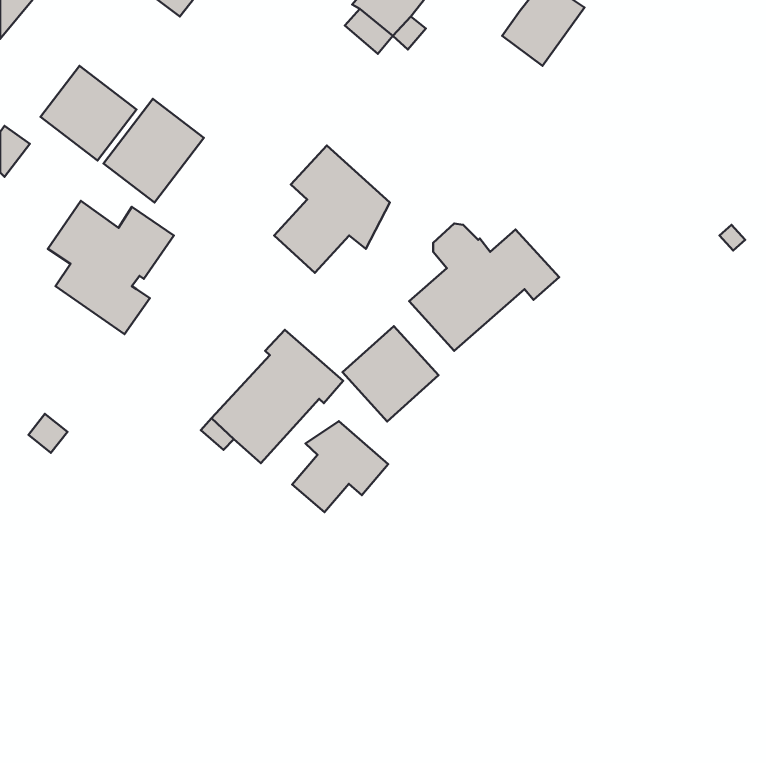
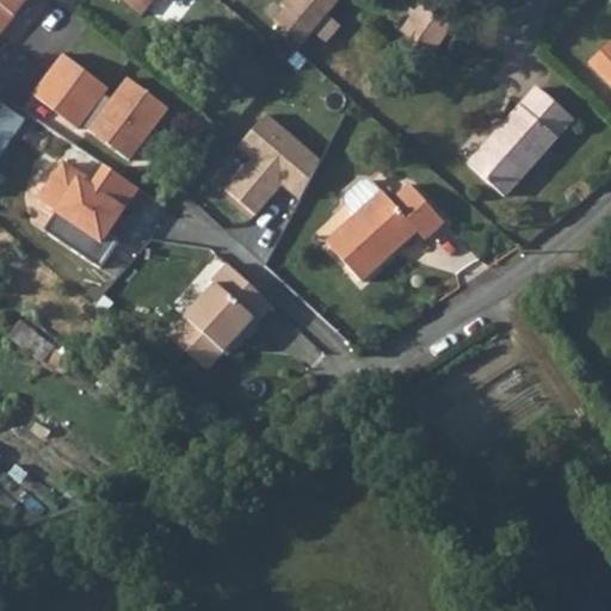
building: none -> [468,85,573,195]
building: [343,326,438,421] -> none
building: [292,421,388,512] -> none

